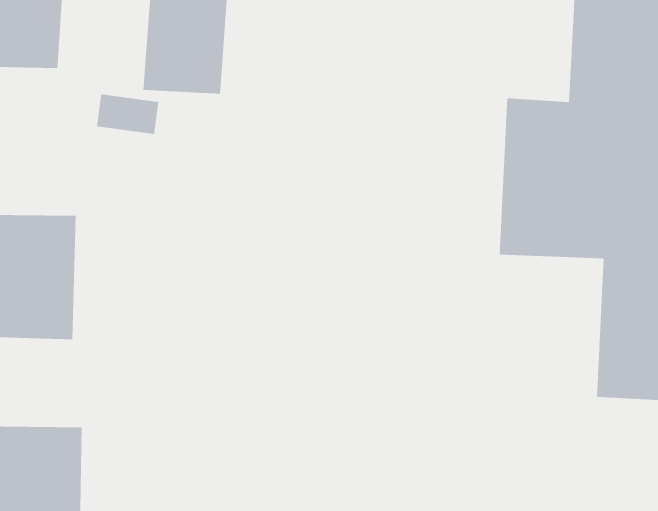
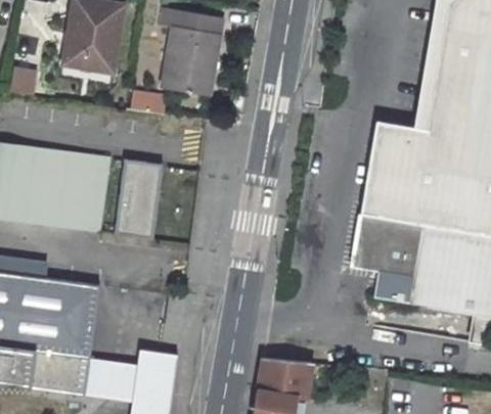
building: none -> [114,159,163,238]
building: none -> [354,213,425,306]

